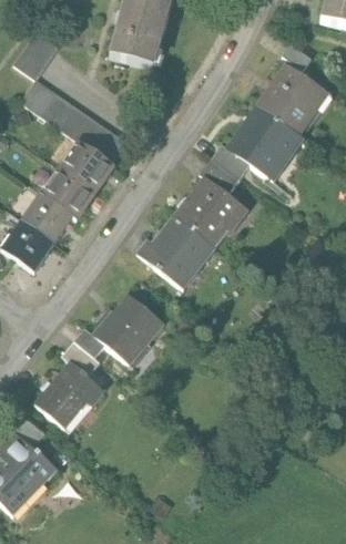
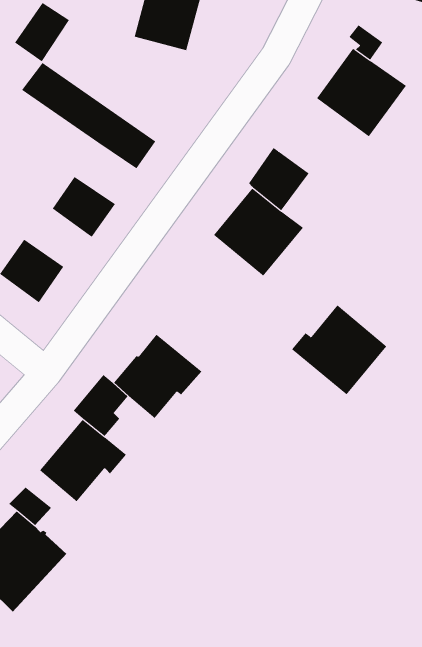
building: [224,106,301,182] -> none
building: [61,142,113,191] -> none
building: [21,192,72,240] -> none
building: [135,215,212,287] -> [291,305,387,395]

